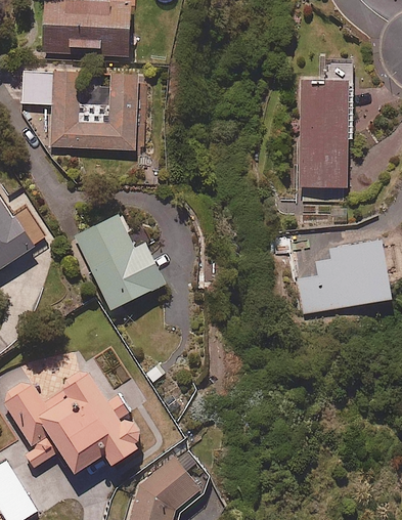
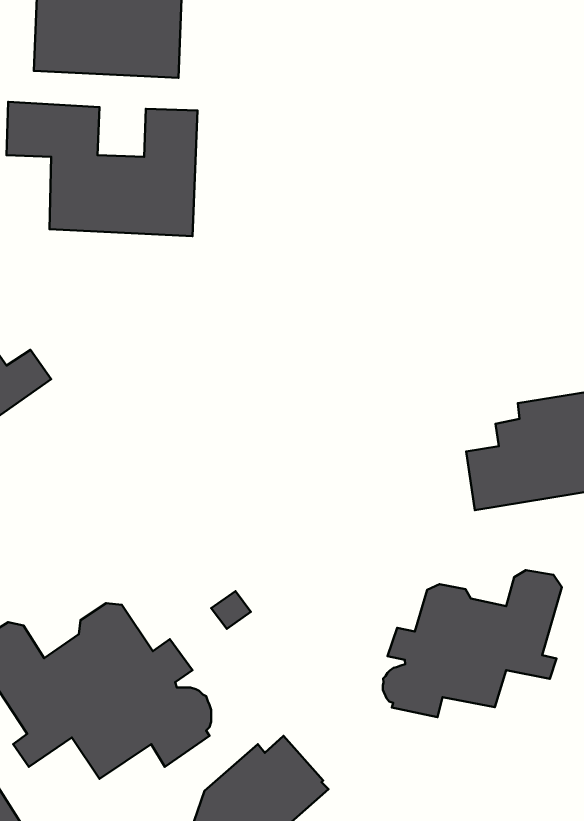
building: [296,58,351,201] -> none
building: [73,215,162,310] -> none
building: none -> [383,570,562,717]

